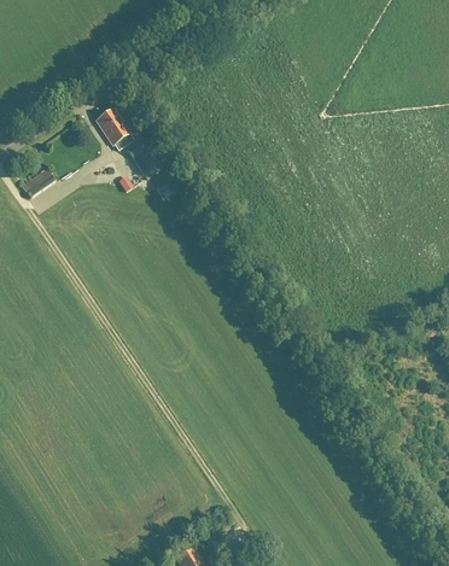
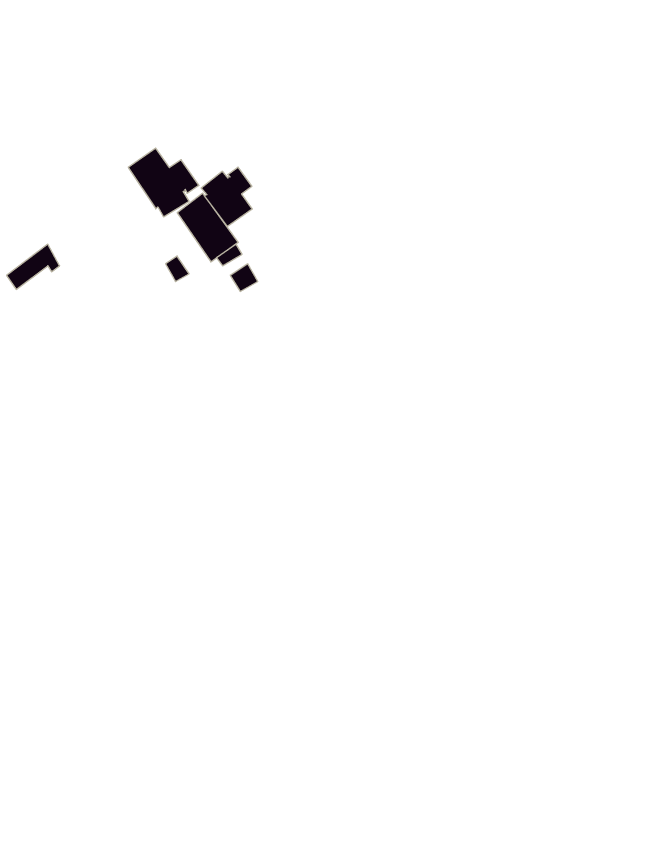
building: none -> [201,167,252,226]

